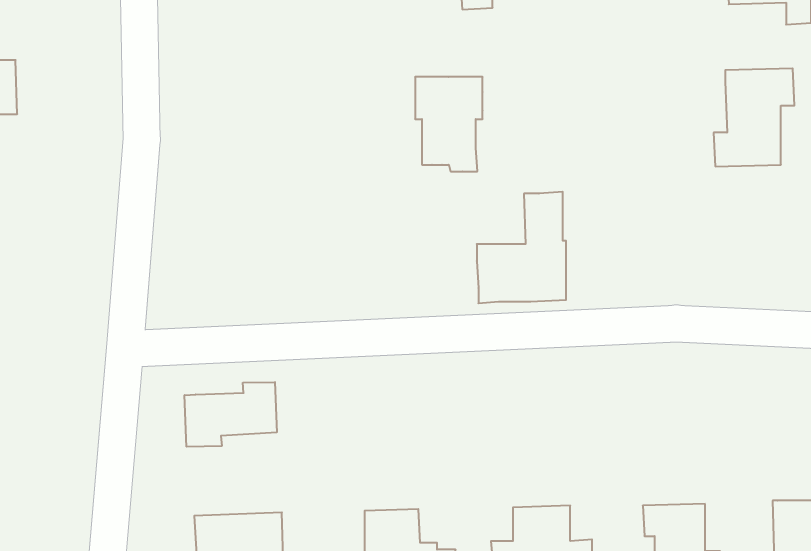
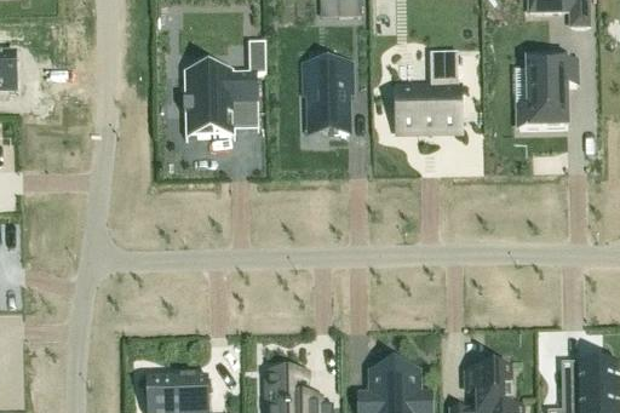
building: none -> [184,40,266,137]
building: [477,192,566,303] -> [396,50,460,130]
building: [185,382,277,447] -> none

